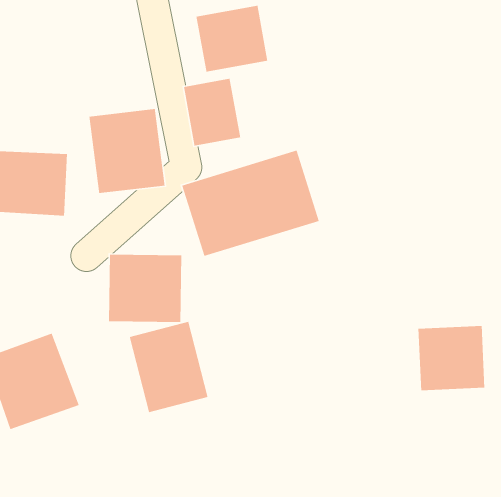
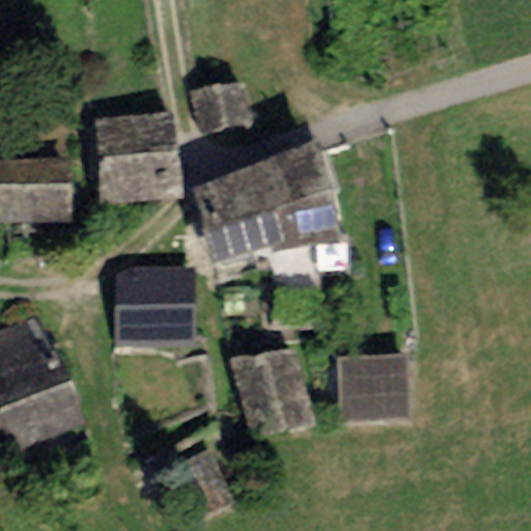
building: [196,5,268,73] -> none
building: [129,321,208,413] -> [228,342,312,440]
building: [417,325,485,391] -> [343,348,415,418]

